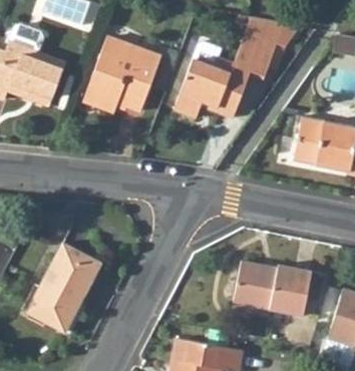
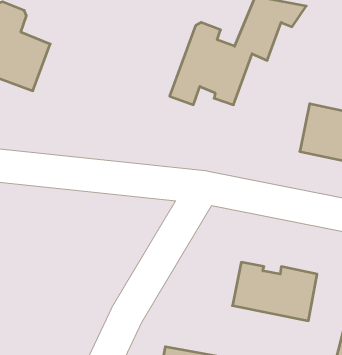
building: [84,34,161,111] -> none
building: [24,244,99,332] -> none

